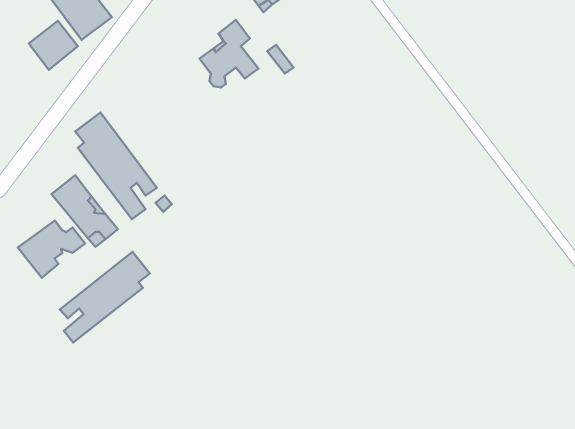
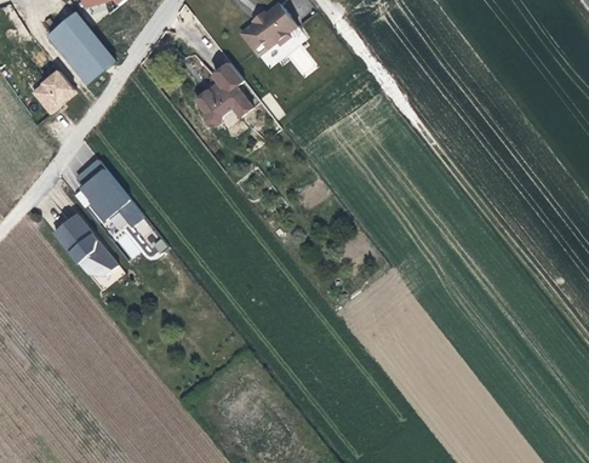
building: [18,220,85,278] -> none
building: [60,252,150,342] -> none

